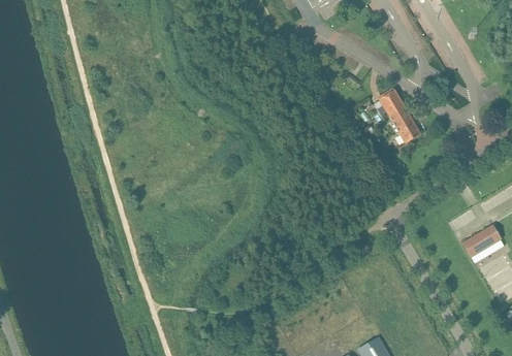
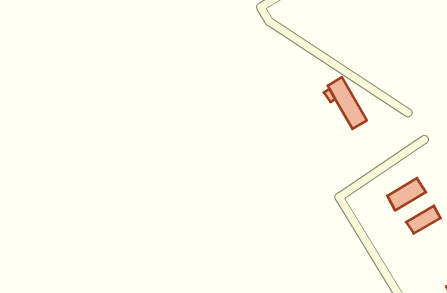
building: none -> [387,178,426,210]

